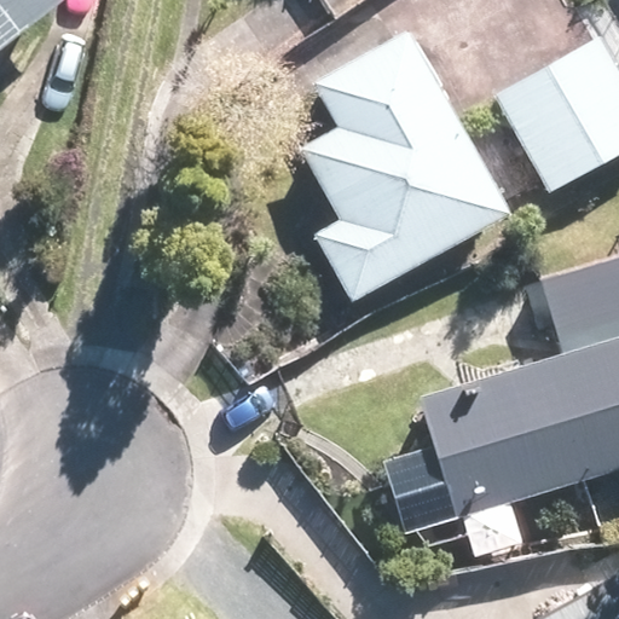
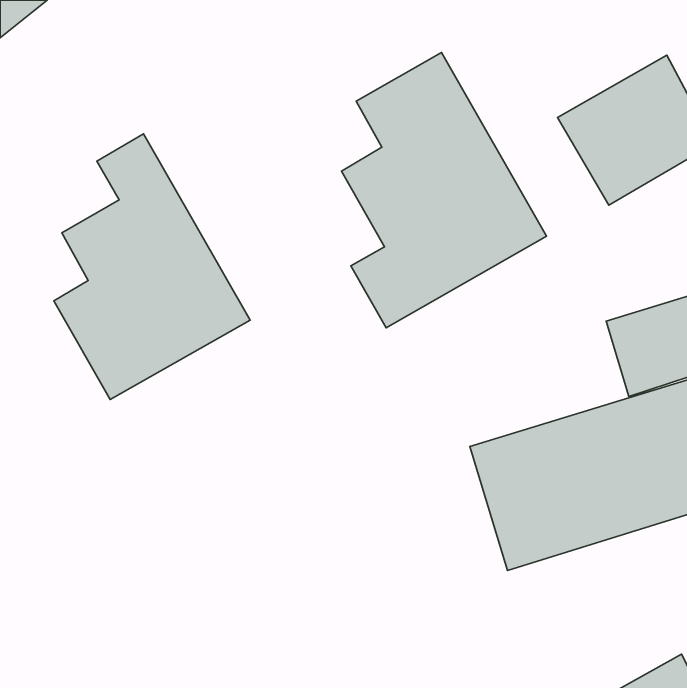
building: none -> [54,134,250,400]

